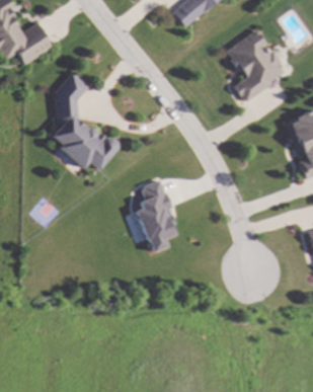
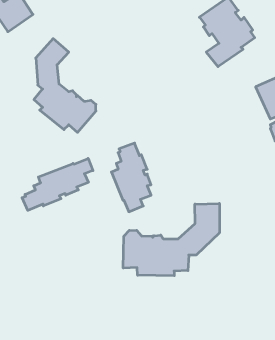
building: none -> [22,158,93,210]
building: none -> [123,203,219,276]

